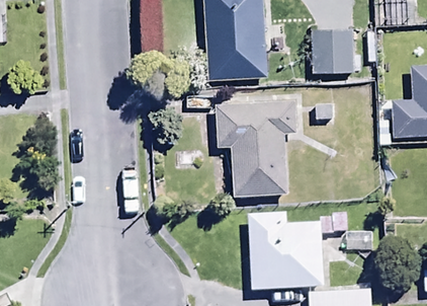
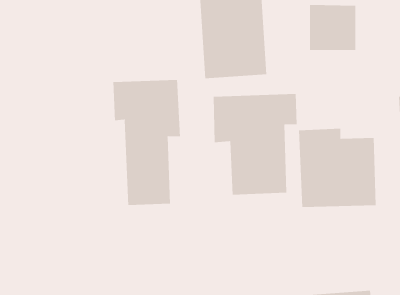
building: none -> [113,79,180,206]
building: [248,210,324,287] -> [298,128,377,208]

